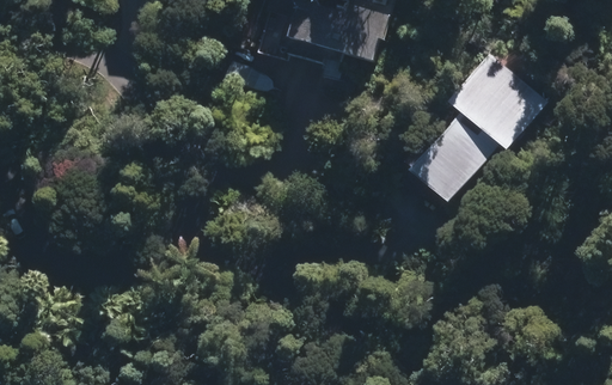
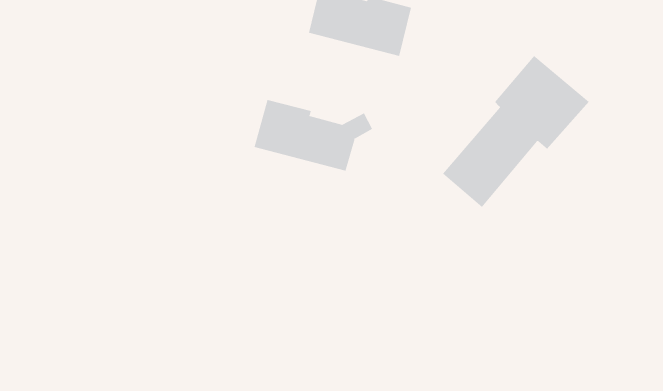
building: none -> [254,99,373,172]

